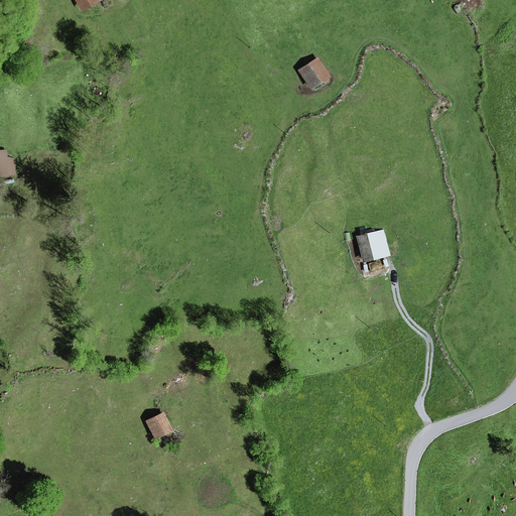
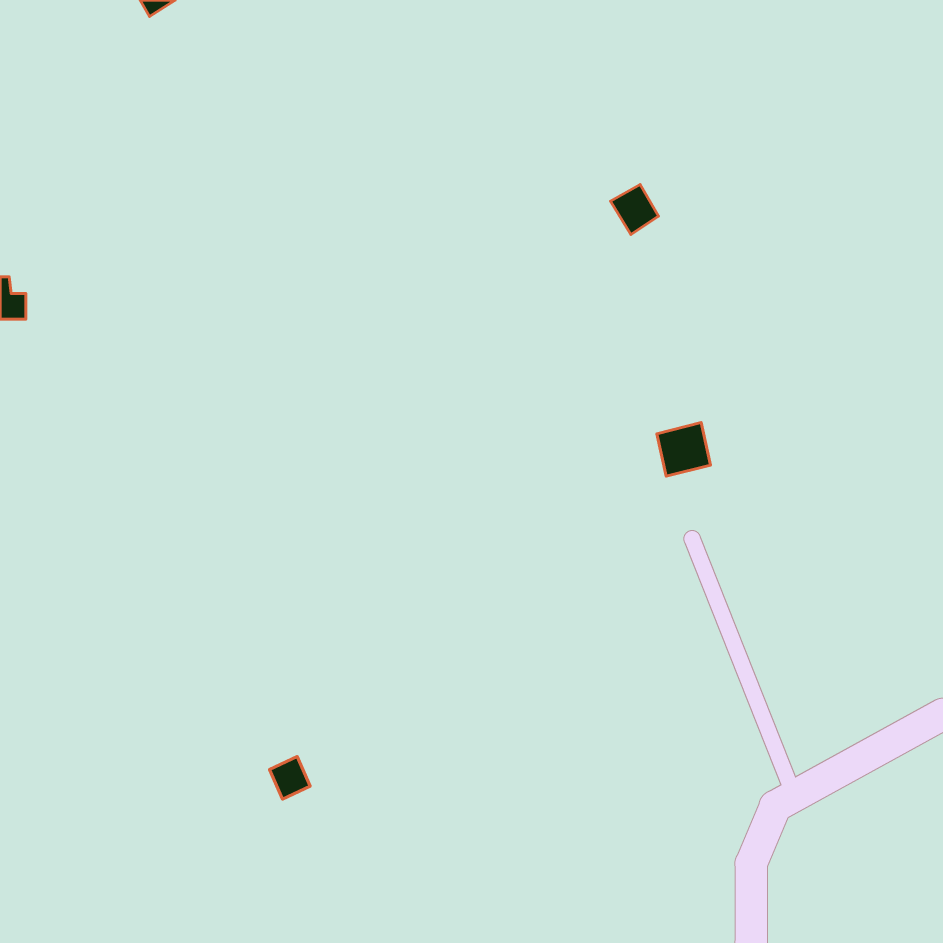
building: [300,59,327,87] -> [610,185,658,234]

